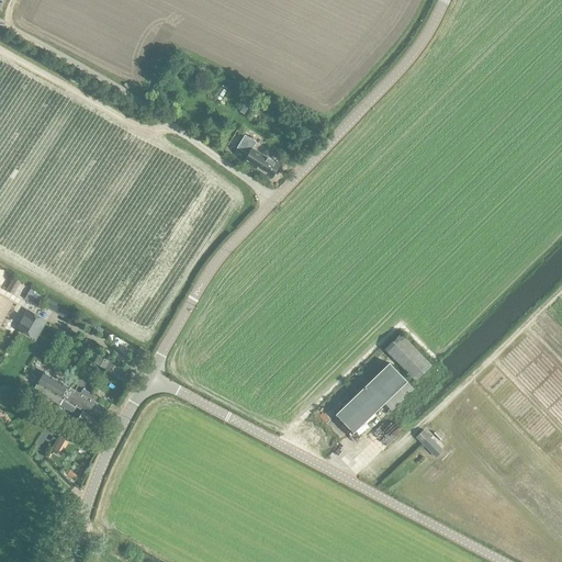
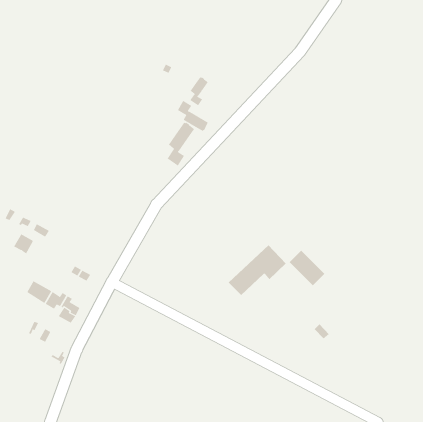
building: none -> [190,77,208,106]
building: none -> [167,122,195,166]
building: [336,362,414,430] -> [228,244,287,296]

